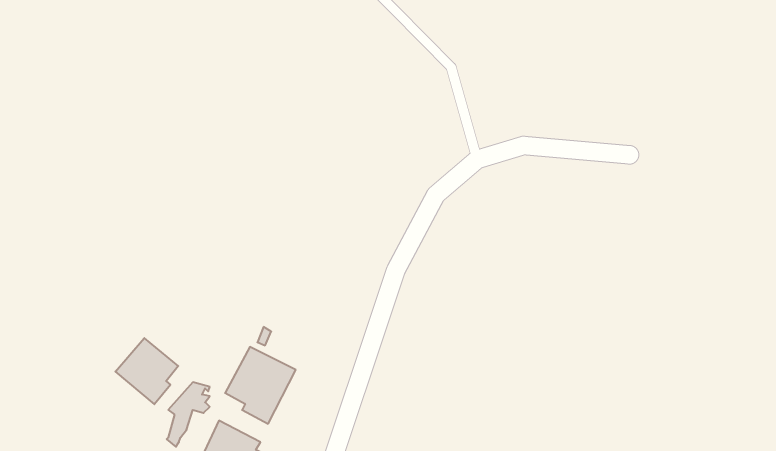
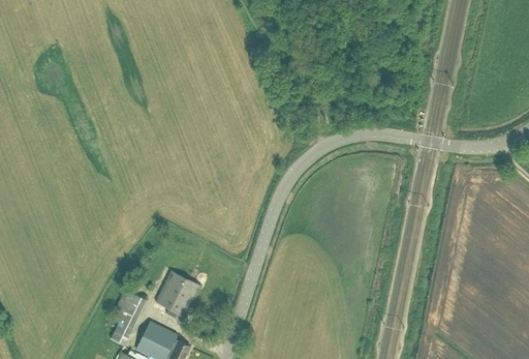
building: [115,338,178,404] -> none

